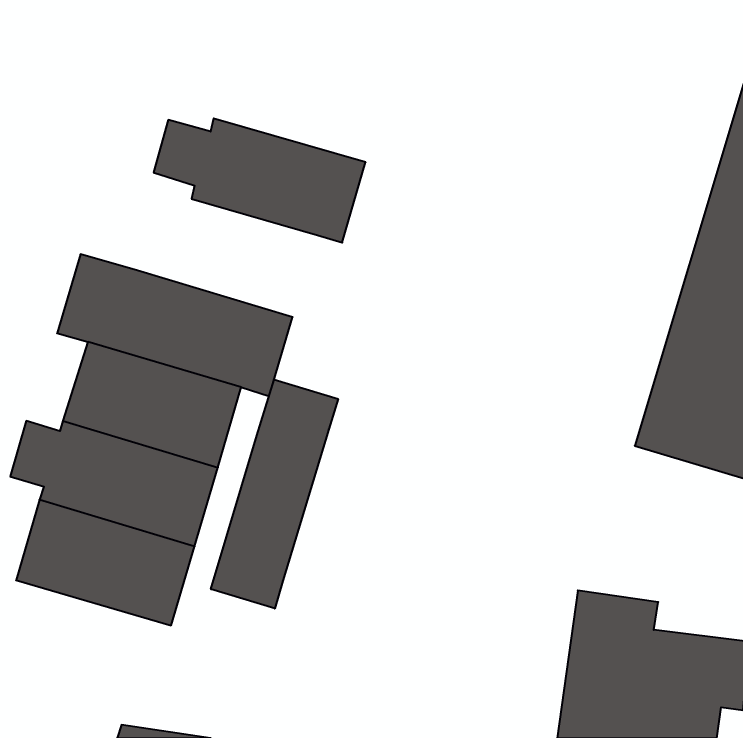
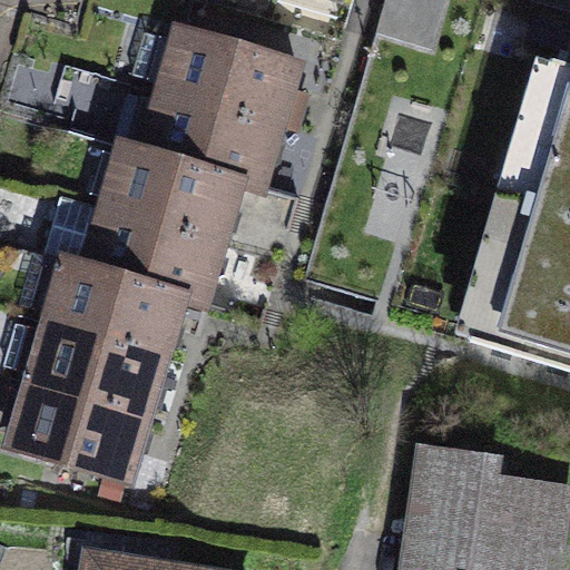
building: none -> [139,28,301,124]
building: none -> [108,145,245,242]
building: [211,380,338,609] -> none

